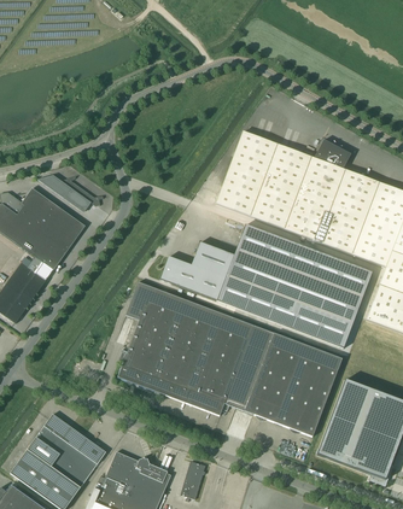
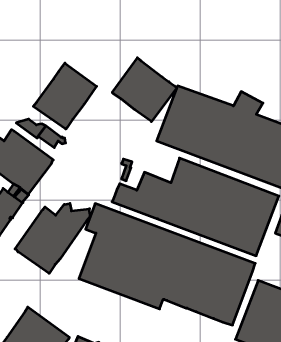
building: none -> [112,58,177,122]
building: none -> [33,63,97,129]
building: none -> [15,203,90,273]

